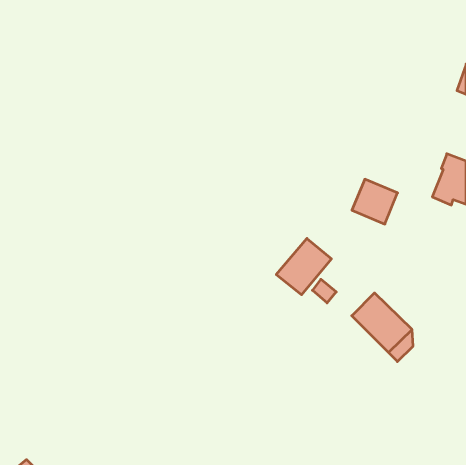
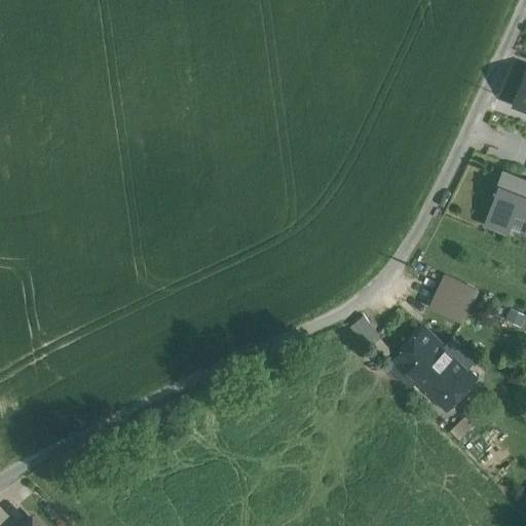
building: [352,179,398,224] -> [429,273,481,324]
building: [276,238,331,295] -> none

